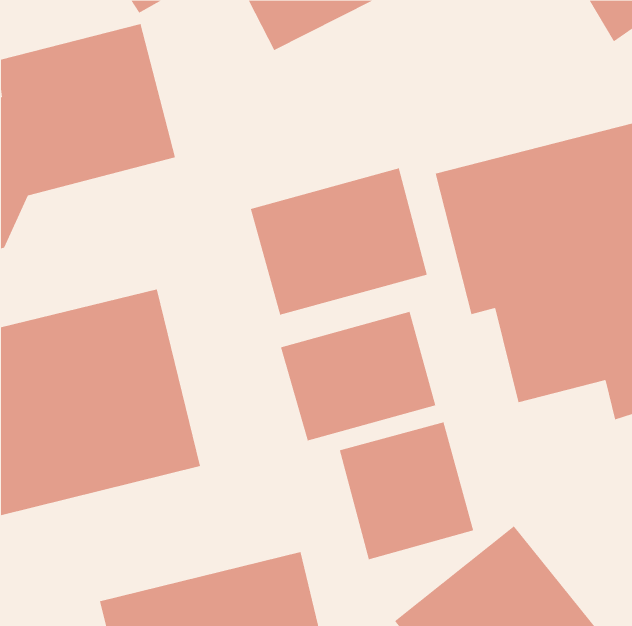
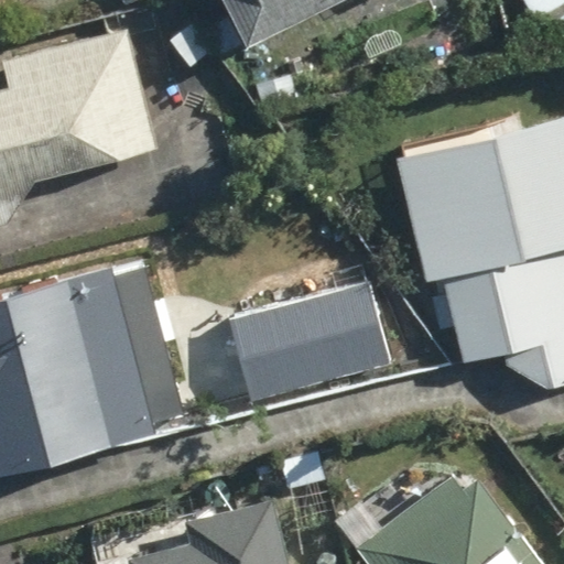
building: [250,167,427,315] -> none
building: [339,421,474,560] -> none

